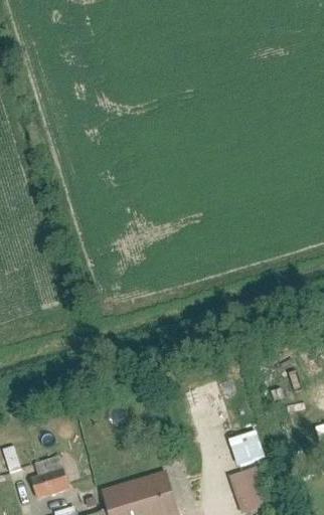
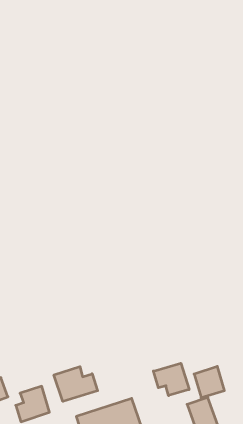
building: none -> [153,363,189,396]
building: none -> [54,367,98,401]

